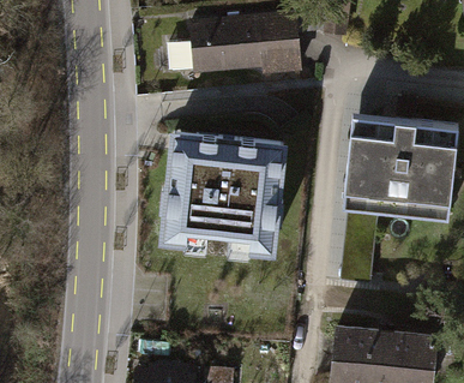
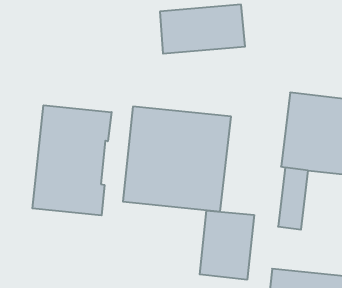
building: none -> [32,105,112,215]
building: none -> [200,210,254,280]

